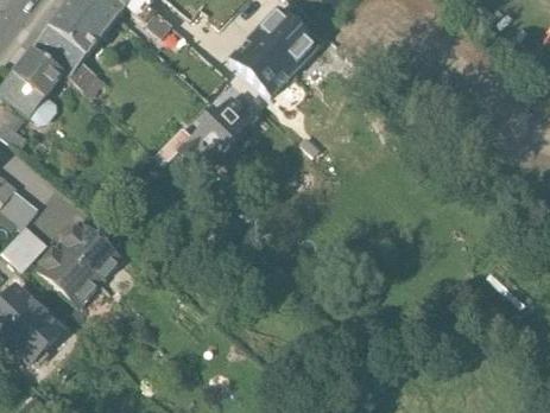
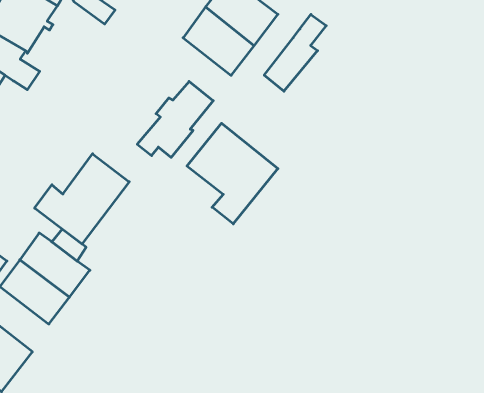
building: none -> [264,14,326,91]
building: none -> [187,123,278,224]
building: none -> [35,154,129,244]

